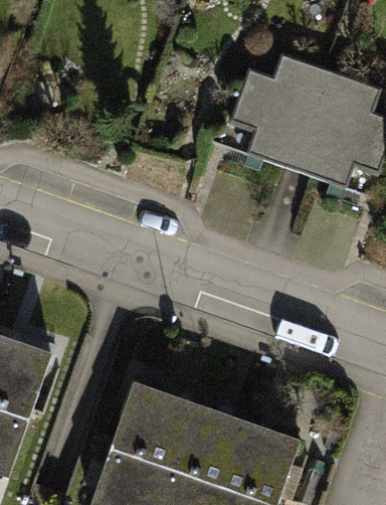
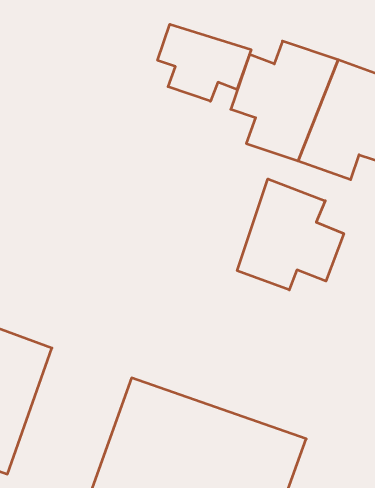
building: none -> [158,24,251,101]
building: none -> [237,179,344,290]

